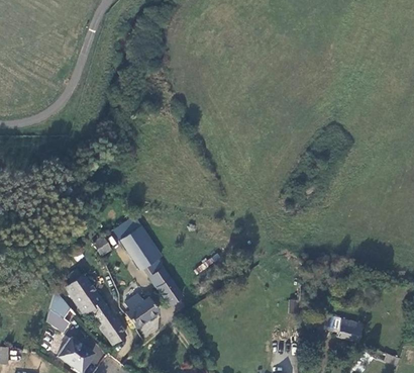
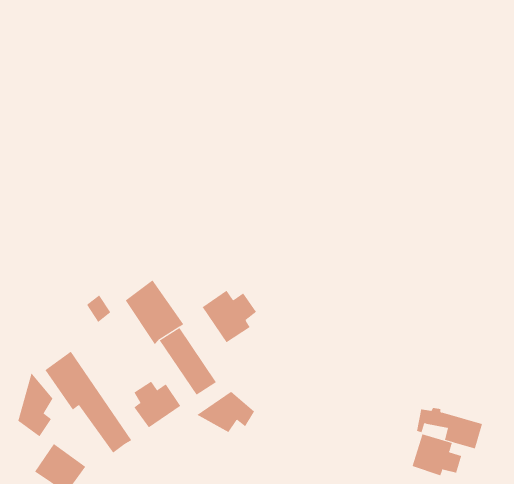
building: none -> [202,290,257,343]
building: none -> [196,391,255,433]
building: none -> [412,433,462,476]

